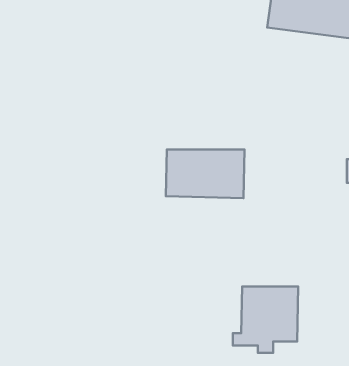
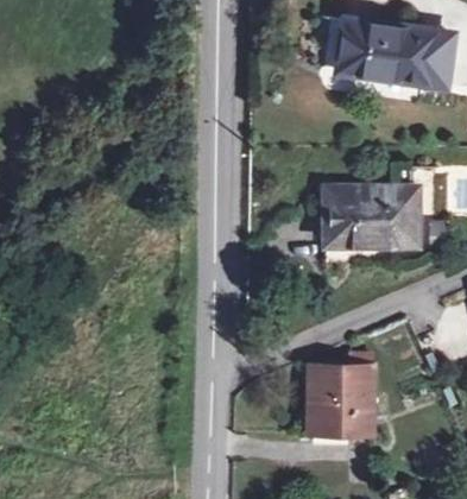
building: [166,150,244,198] -> [324,189,415,245]

